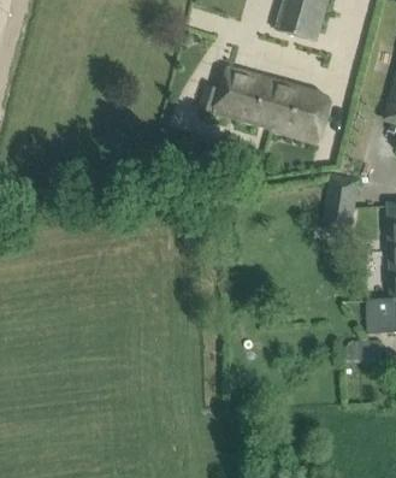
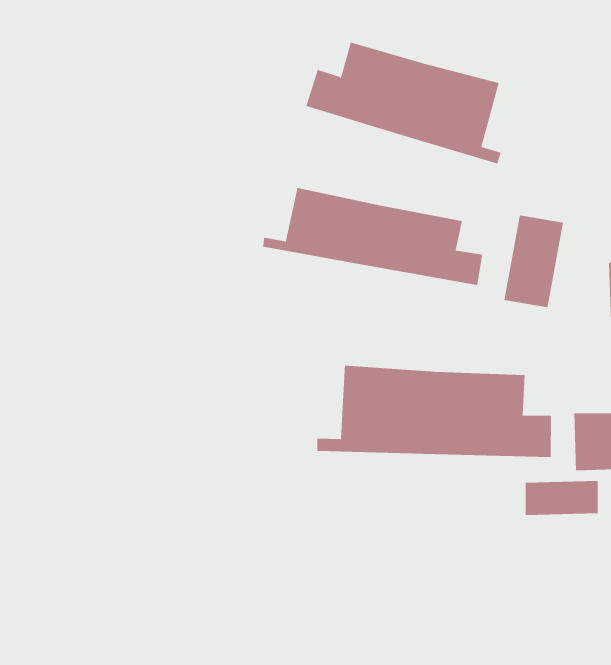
building: none -> [262,187,483,286]
building: none -> [317,365,552,458]

